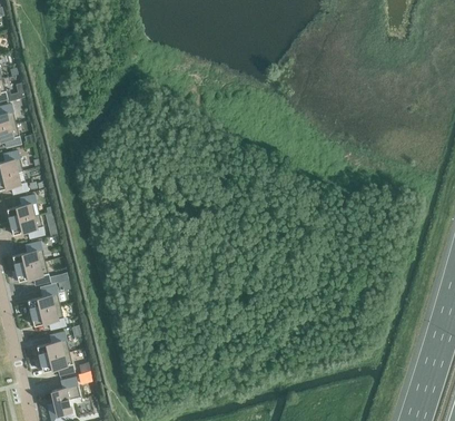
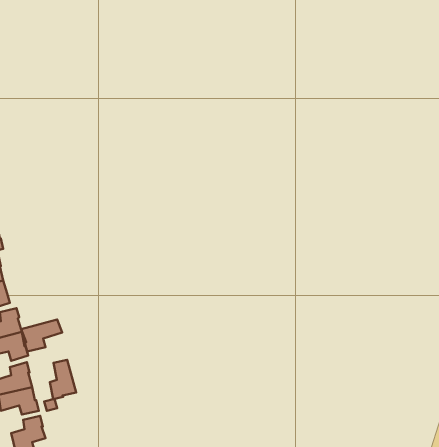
building: none -> [21,319,62,352]
building: none -> [50,360,76,399]

